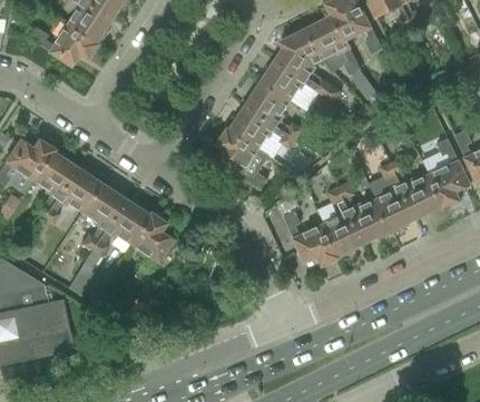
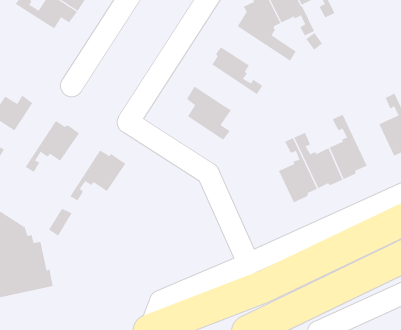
building: [256,62,306,106] -> none
building: [227,105,296,149] -> none
building: [30,147,75,217] -> none
building: [391,154,447,216] -> none
building: [80,180,124,249] -> none
building: [283,208,336,264] -> none
building: [131,214,173,282] -> none

